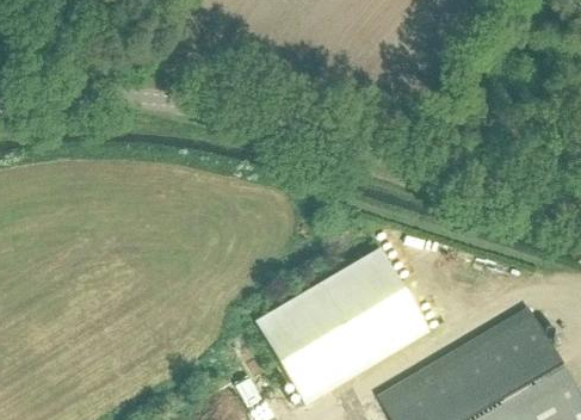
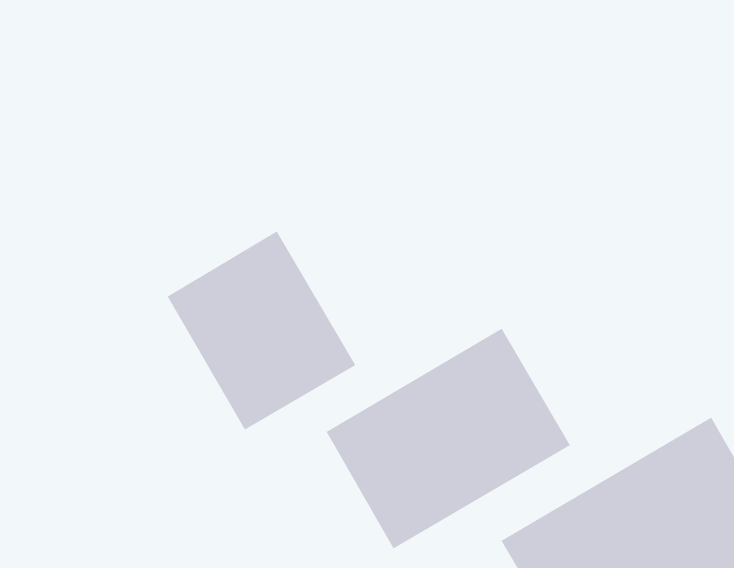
building: none -> [167,231,356,431]

